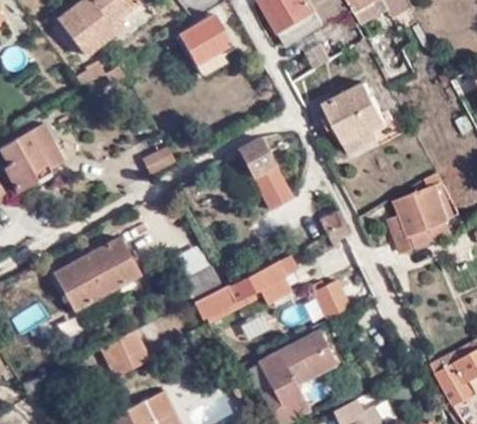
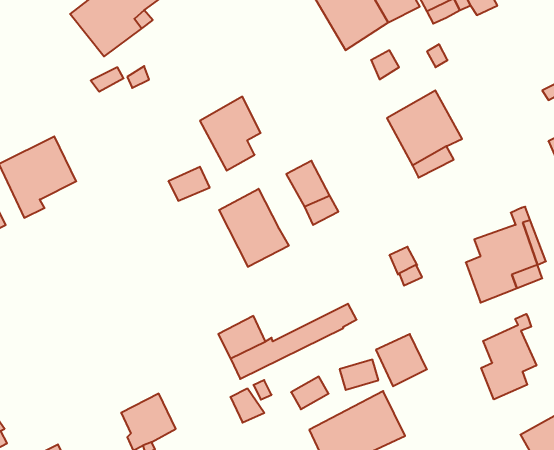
building: [180,14,230,75] -> [200,97,261,171]
building: none -> [219,189,289,267]
building: [52,234,138,305] -> none
building: none -> [481,314,536,399]

